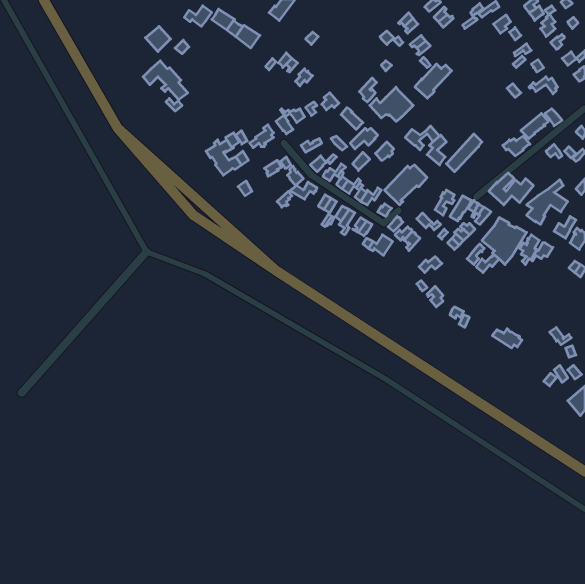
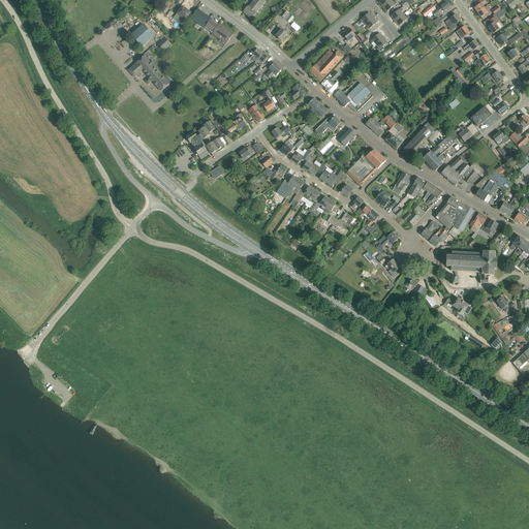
building: [415,64,452,98] -> [310,50,343,81]
building: none -> [424,131,457,170]
building: none -> [446,252,497,284]

